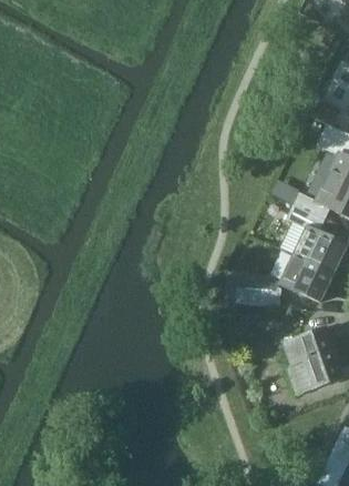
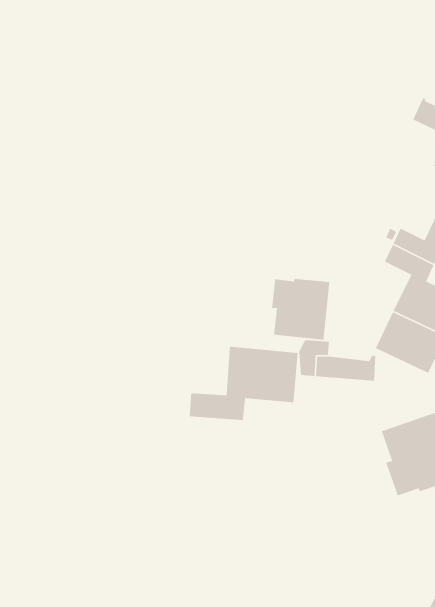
building: none -> [271,278,330,341]
building: none -> [189,346,299,421]

